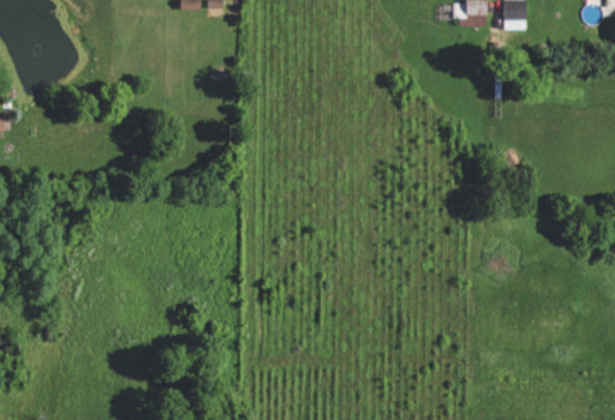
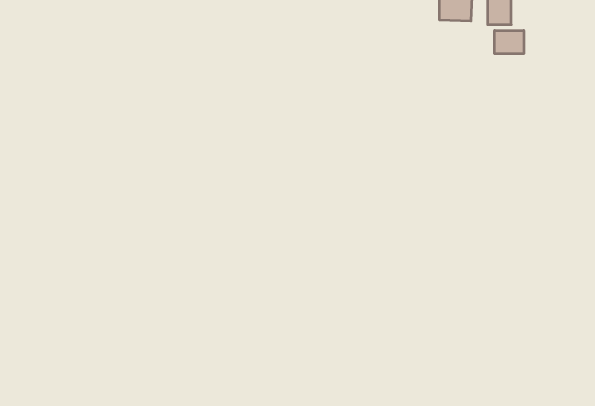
building: none -> [495,30,524,54]

